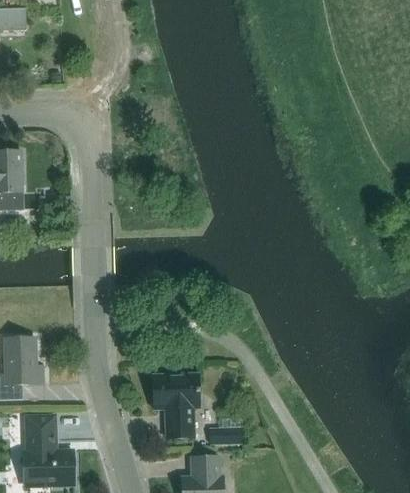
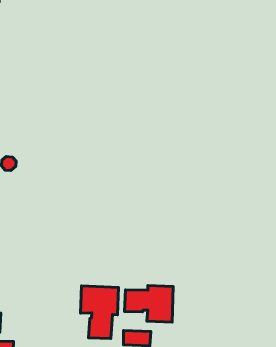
building: none -> [125,285,173,322]

